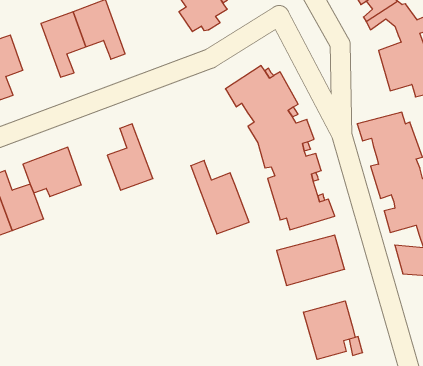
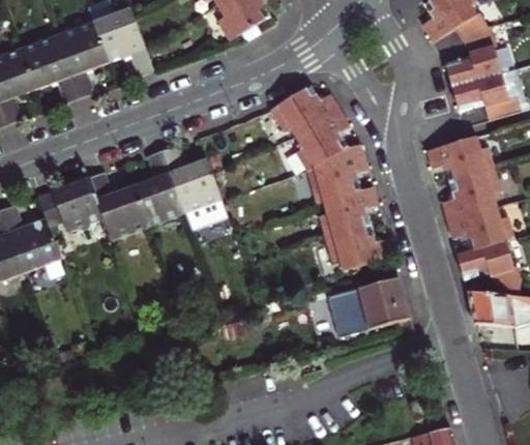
building: none -> [20,35,78,103]
building: none -> [86,172,147,242]
building: [191,160,249,234] -> [160,145,228,230]
building: [303,301,355,359] -> none

